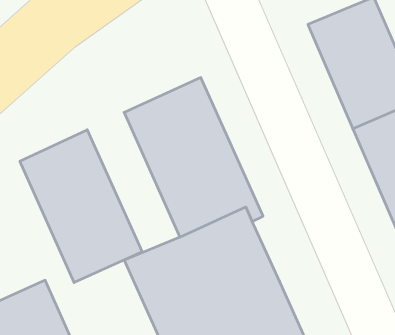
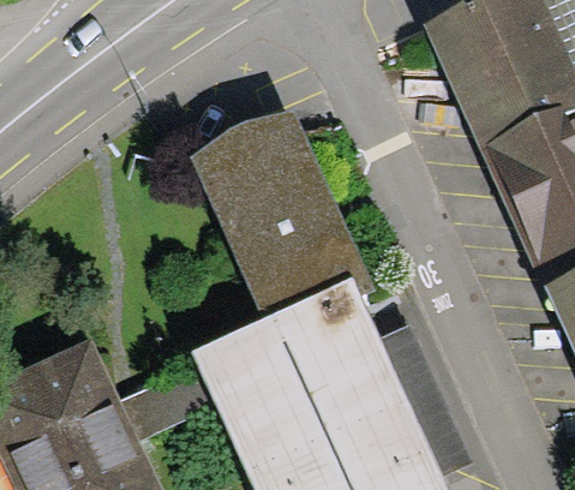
building: [20,130,142,283] -> none

